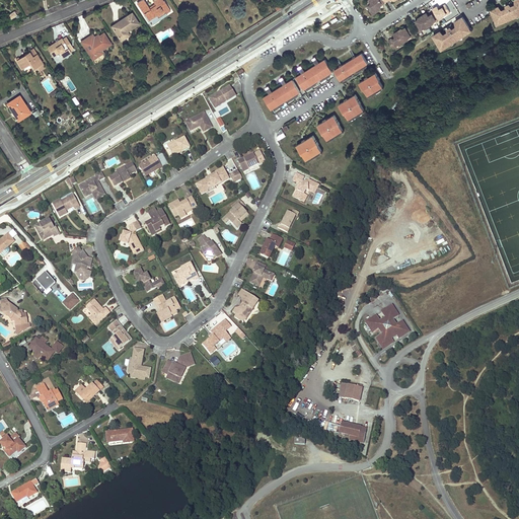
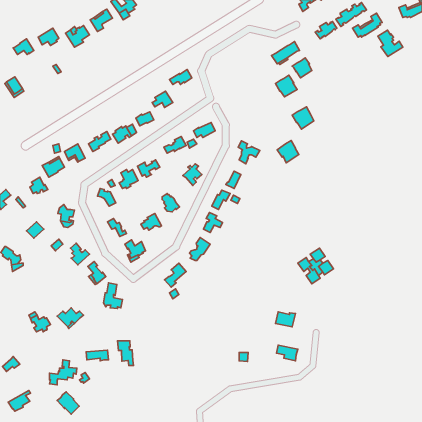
building: none -> [378,30,403,56]
building: [295,57,335,91] -> none
building: [263,77,301,112] -> none
building: [316,113,343,140] -> [292,107,314,129]
building: [295,133,321,160] -> [277,141,299,163]
building: [29,336,62,360] -> none
building: [162,353,194,380] -> none
building: none -> [118,341,134,366]
building: none -> [57,392,79,414]

